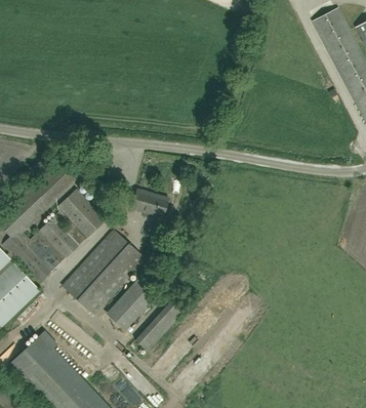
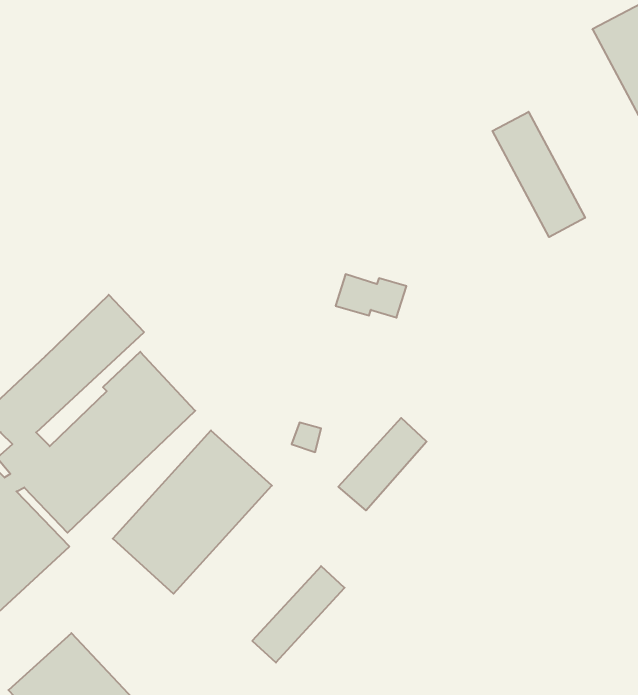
building: none -> [492,112,585,237]
building: [132,191,169,213] -> [336,274,406,318]
building: [111,281,157,329] -> [338,418,427,510]

